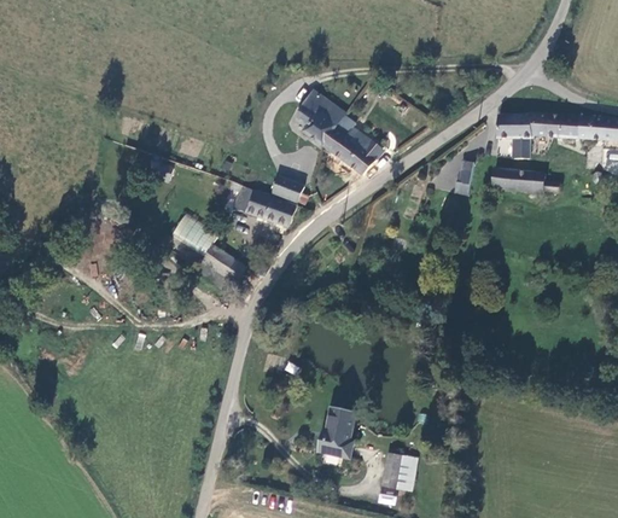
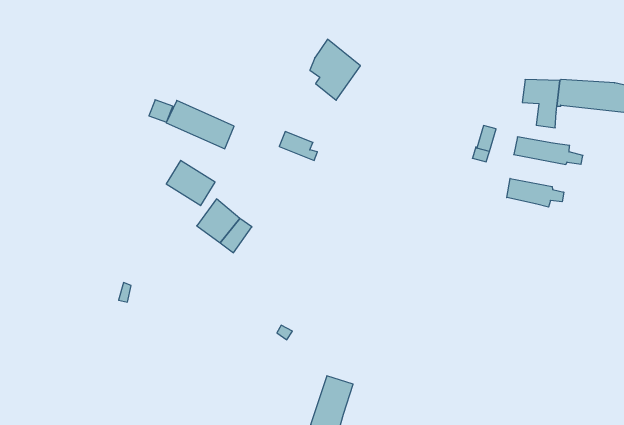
building: [322,127,385,173] -> none
building: [234,185,298,227] -> [166,100,234,149]
building: none -> [507,178,564,207]

